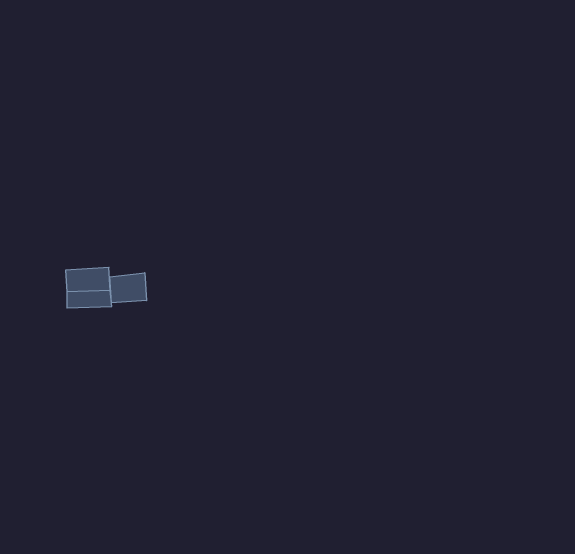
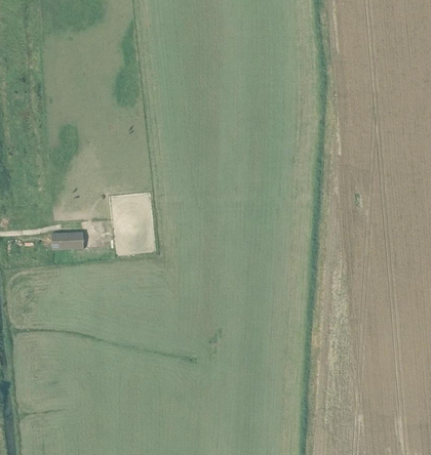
building: [110,273,147,303] -> none

